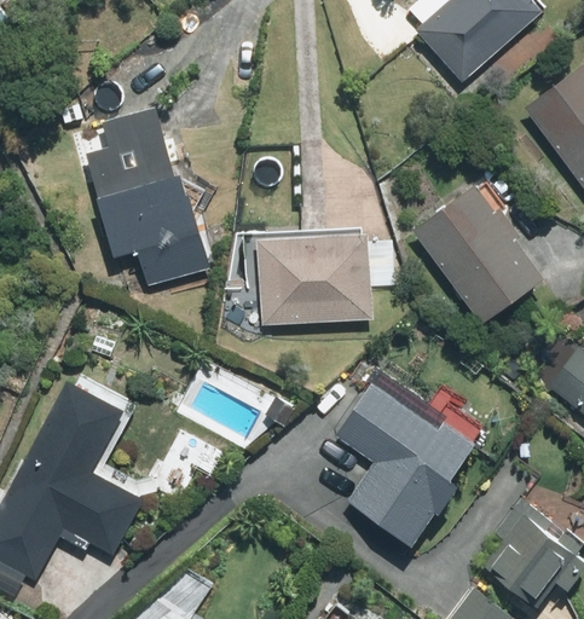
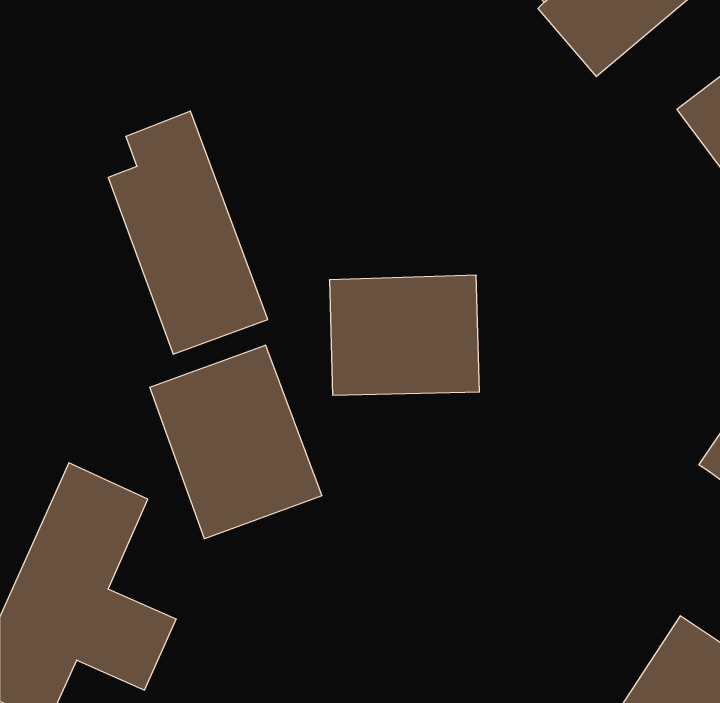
building: [410,184,545,326] -> none
building: none -> [150,345,322,539]
building: [335,378,478,544] -> none

